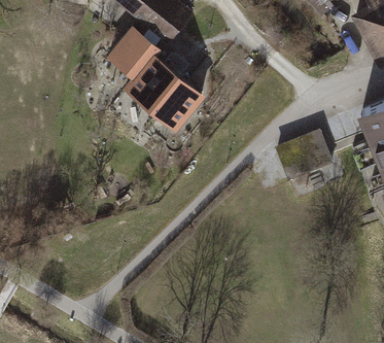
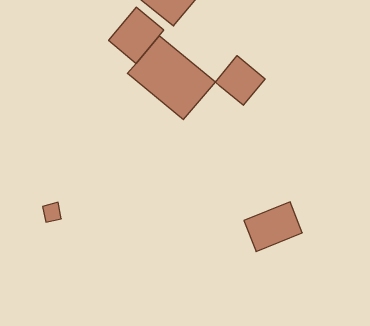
building: none -> [215,56,265,105]
building: [277,135,331,181] -> [244,202,302,252]

